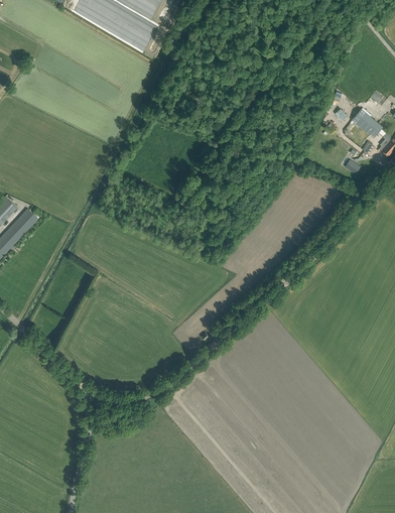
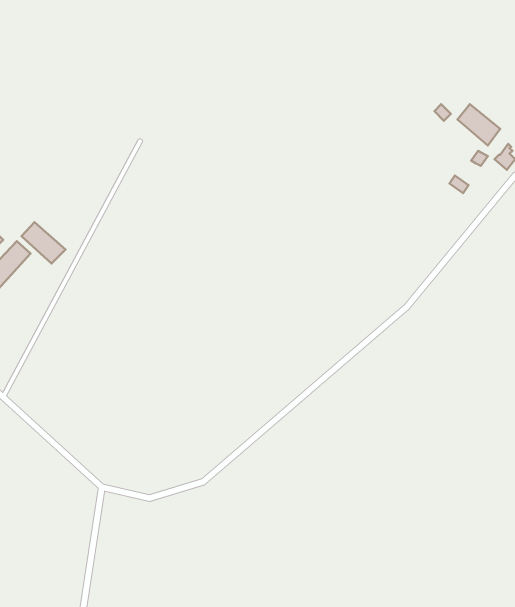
building: none -> [21,222,66,264]

